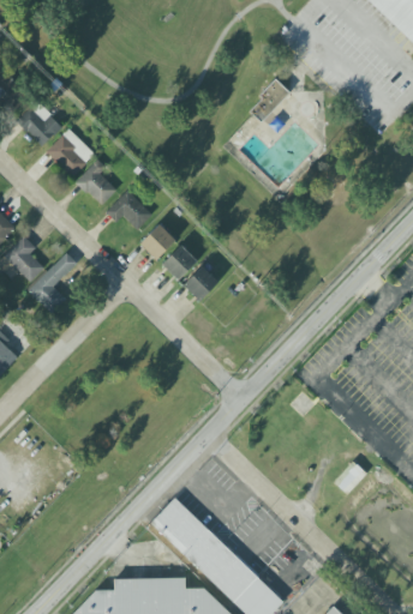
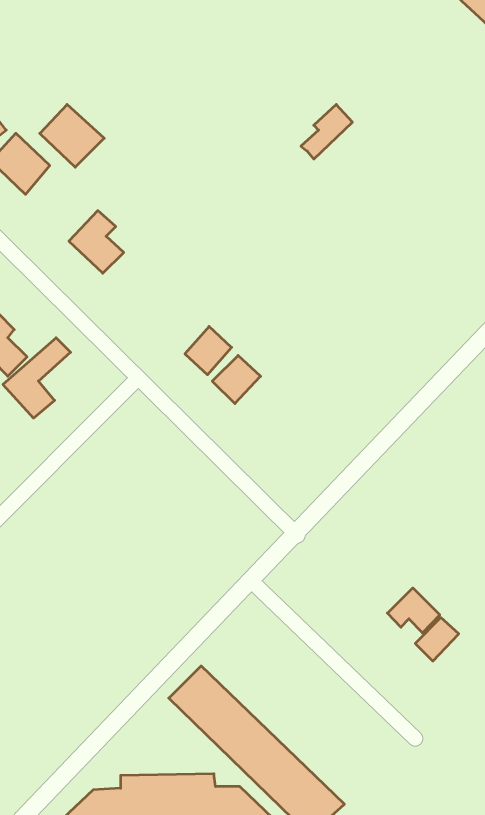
building: [48,128,96,175] -> [40,104,104,167]
building: [107,189,155,230] -> none
building: [140,223,176,260] -> none
building: none -> [387,588,440,633]

